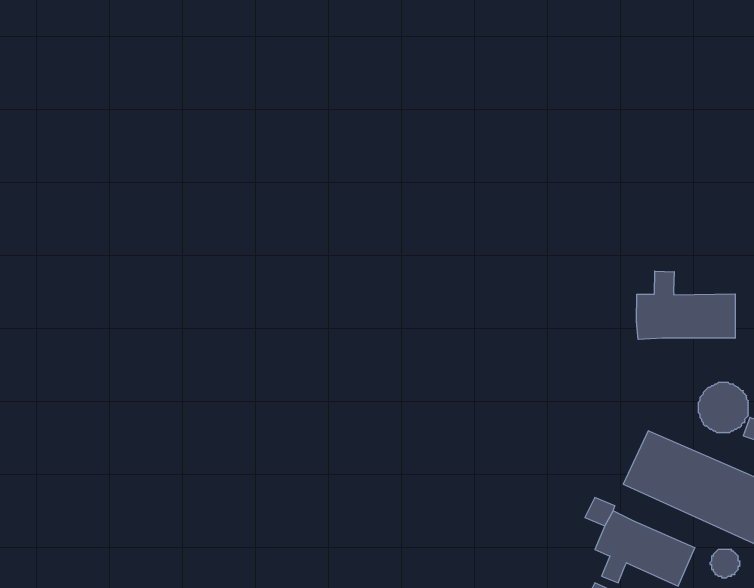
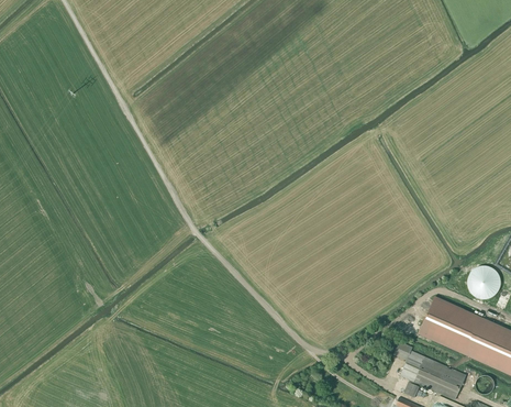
building: [637,271,735,339] -> none

